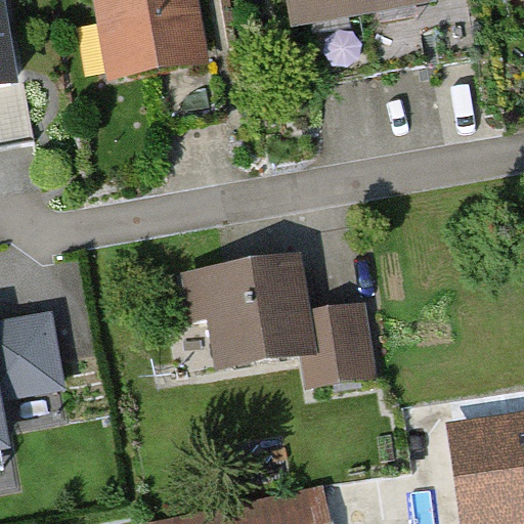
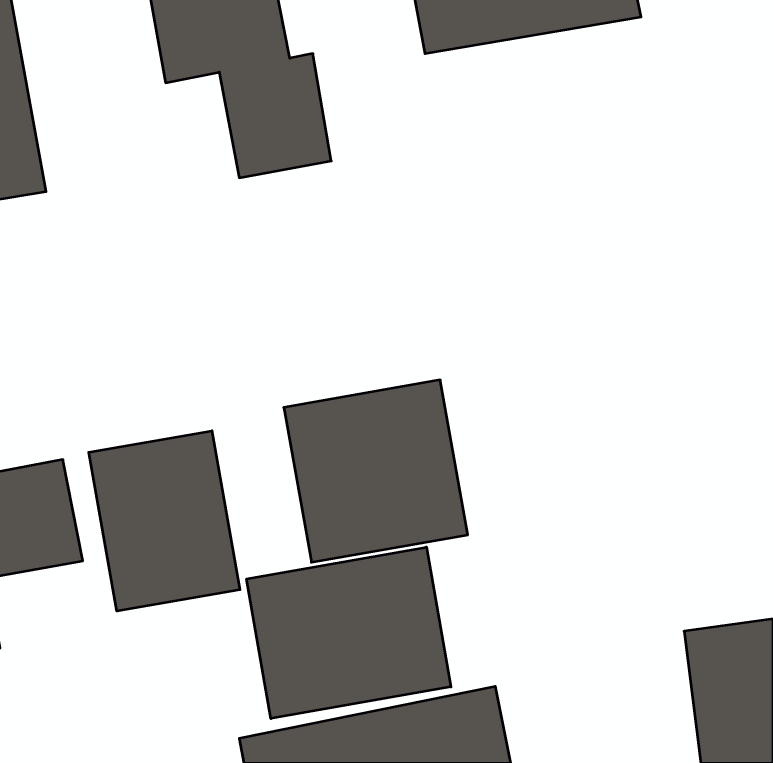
building: none -> [89,431,240,611]
building: [307,298,373,383] -> none
building: none -> [247,547,451,719]

